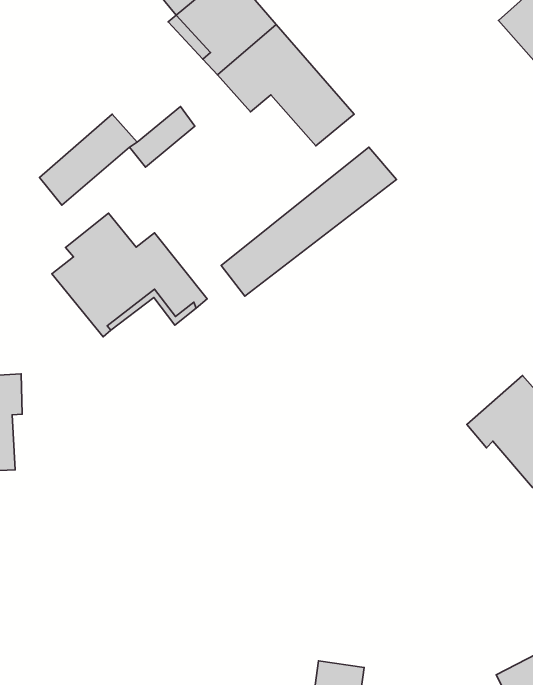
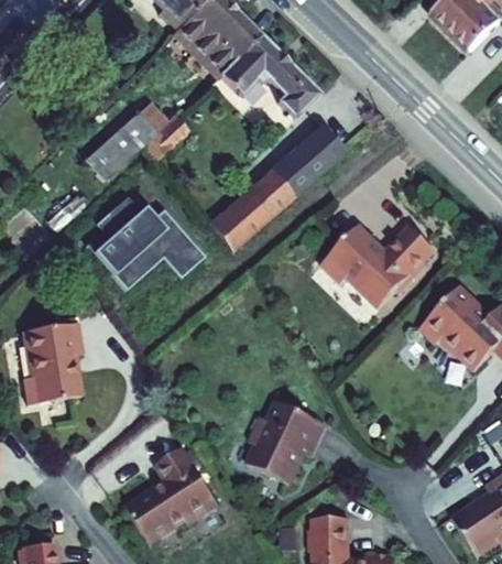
building: none -> [318,223,435,308]
building: none -> [250,402,328,484]
building: none -> [127,448,220,543]

